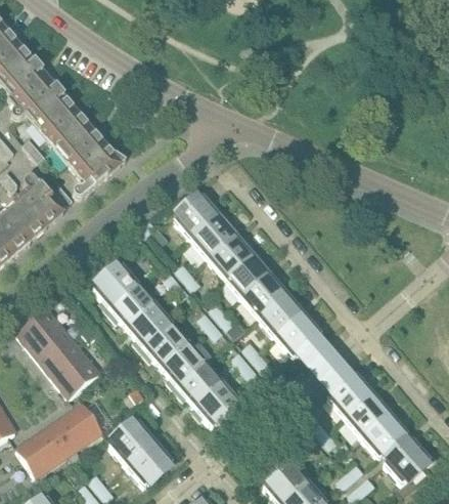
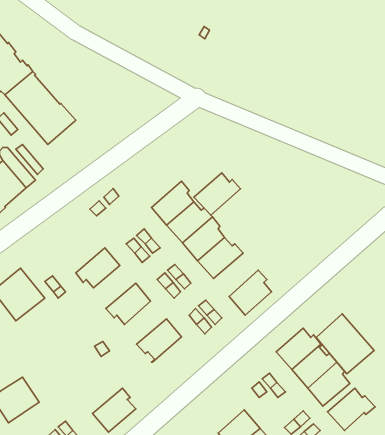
building: [73,145,126,197] -> none
building: [172,194,223,240] -> [194,173,241,215]
building: [93,263,139,311] -> none
building: [258,290,307,337] -> none
building: [127,303,173,350] -> none
building: [293,332,356,397] -> [316,314,374,374]
building: [42,339,100,397] -> none
building: [161,342,207,389] -> none
building: [191,381,240,426] -> none
building: [49,402,101,453] -> none
building: [108,417,159,465] -> none

